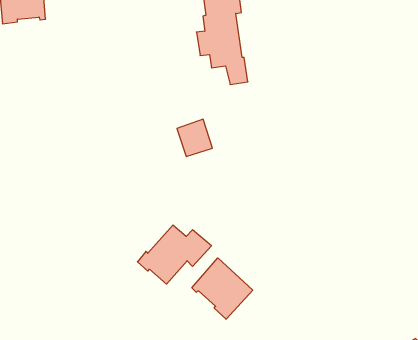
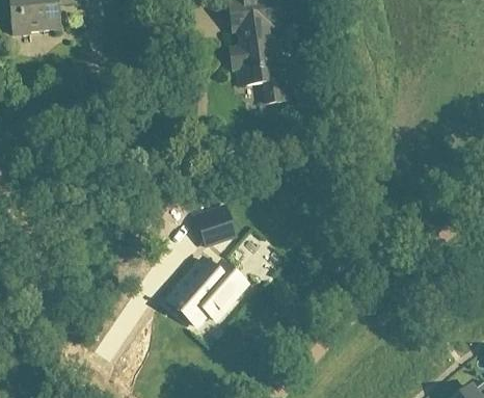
building: [177,119,212,157] -> [196,205,236,246]
building: [192,258,253,319] -> none

